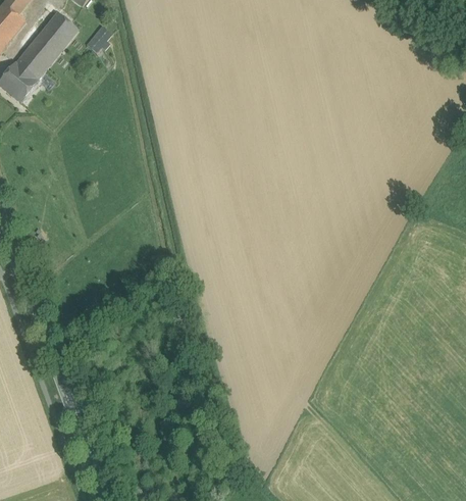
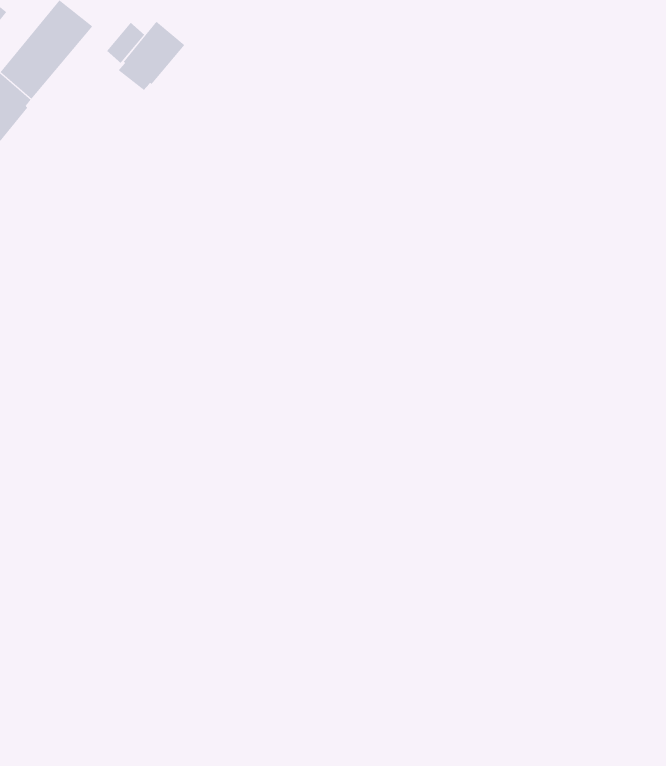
building: none -> [118,21,185,91]

